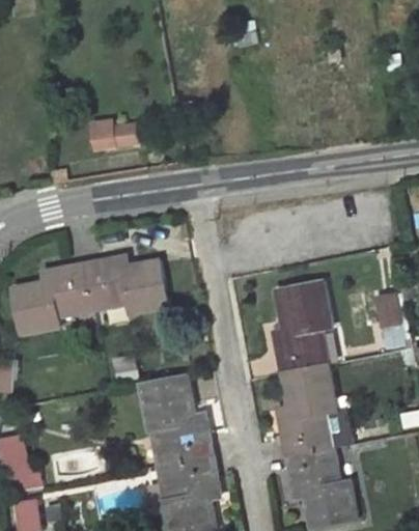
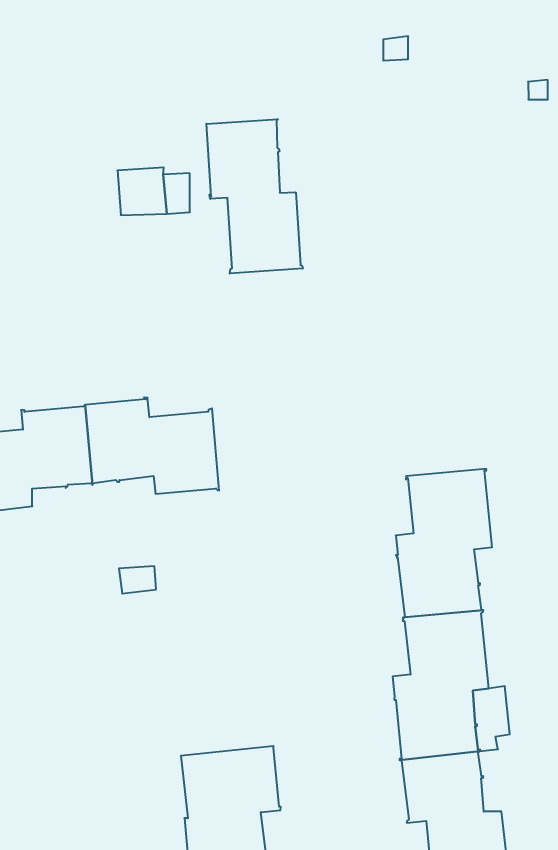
building: none -> [206,119,303,274]
building: [140,375,212,465] -> none

